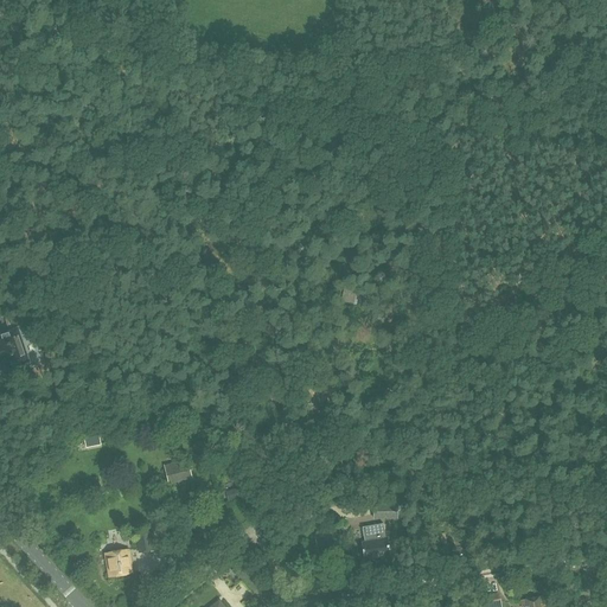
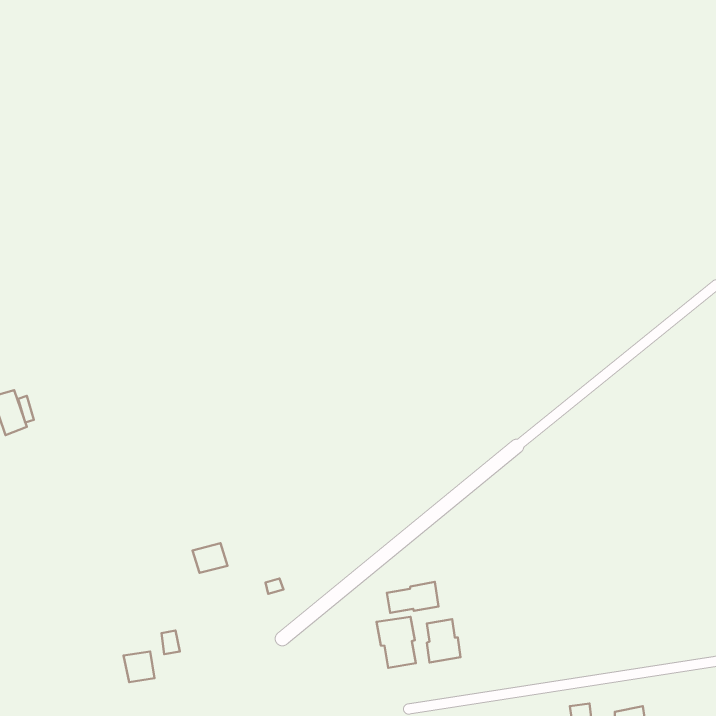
building: none -> [387,582,438,613]
building: none -> [377,617,416,668]

